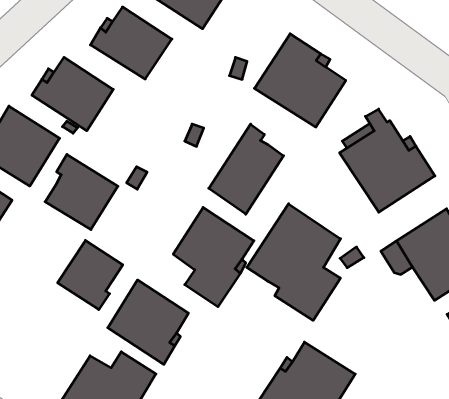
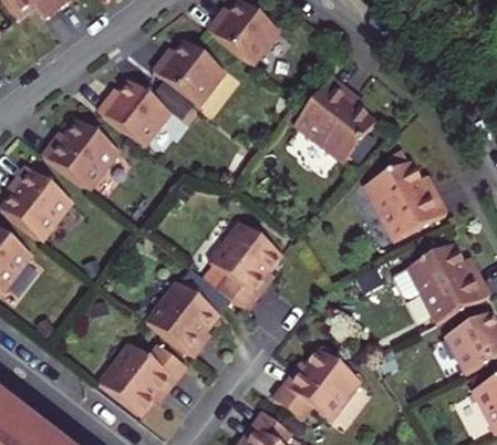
building: [209,124,284,214] -> none
building: [45,154,118,230] -> none
building: [247,204,341,320] -> none
building: [58,240,123,310] -> none

